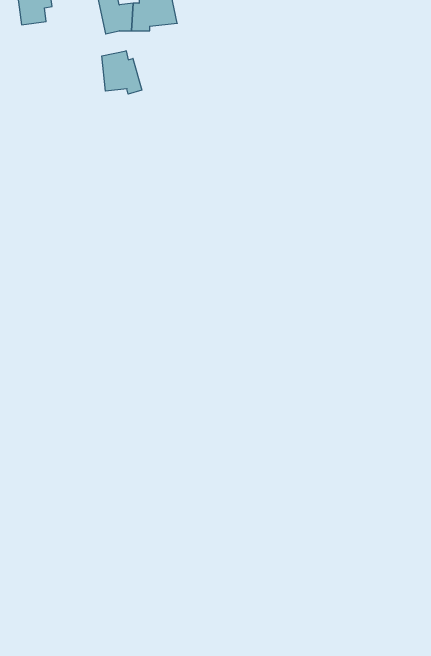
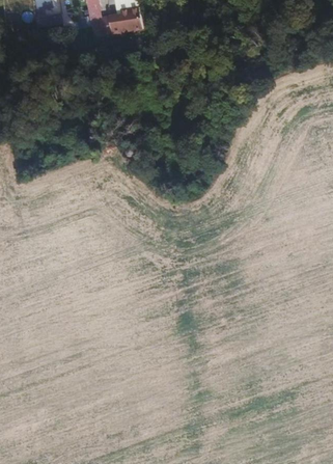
building: [102,51,142,94] -> none

